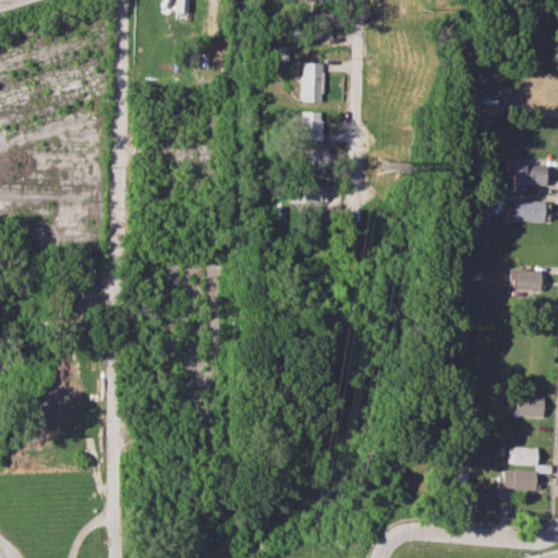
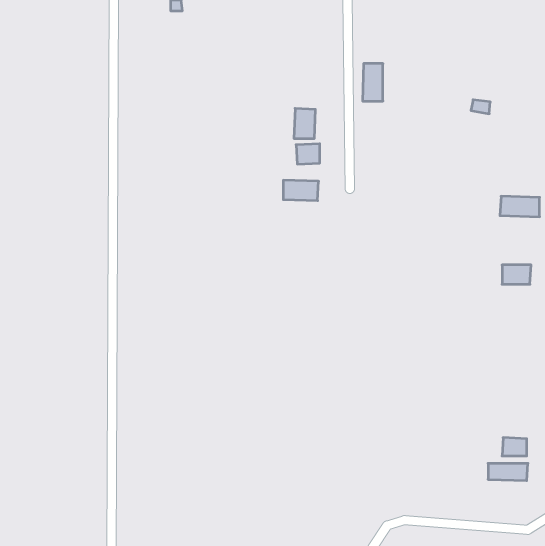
building: [301,64,322,102] -> [363,64,383,101]
building: [515,166,547,192] -> none
building: [517,396,545,416] -> none

